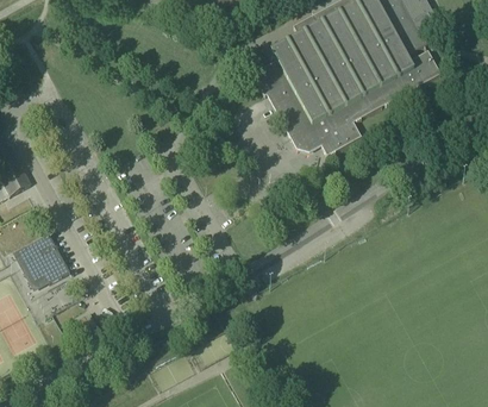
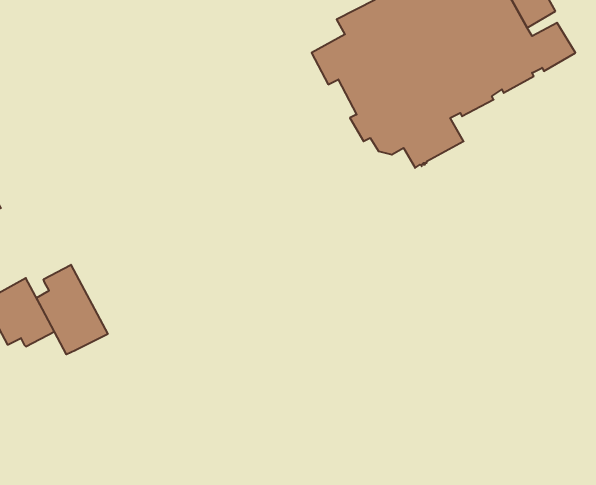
building: none -> [37,265,108,354]

